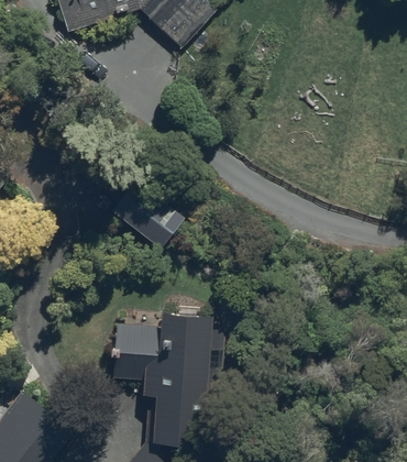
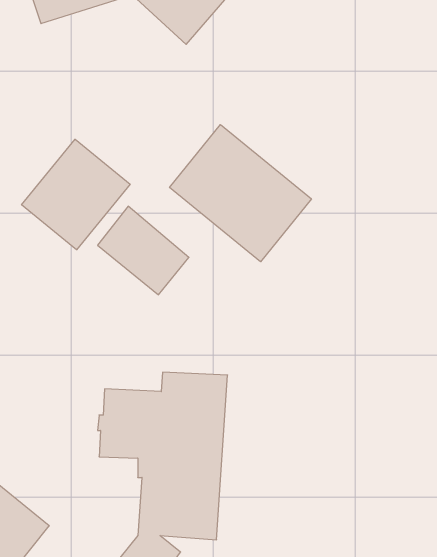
building: none -> [170,125,311,262]
building: none -> [22,139,130,250]

